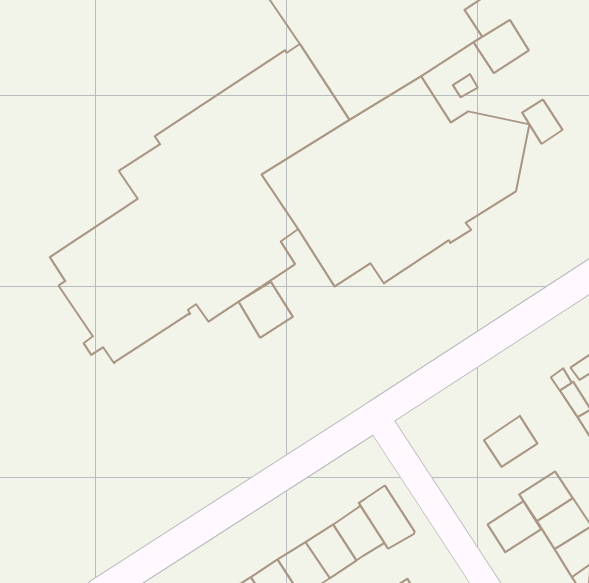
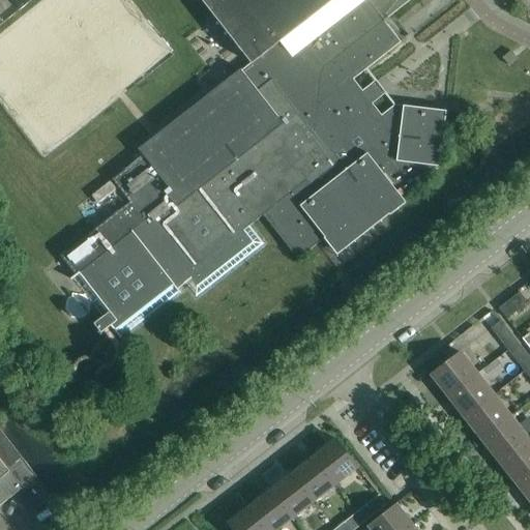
building: [474,20,529,73] -> none
building: [522,100,562,144] -> none
building: [238,282,293,338] -> none
building: [359,486,414,549] -> none
building: [488,501,541,552] -> [448,373,493,416]

